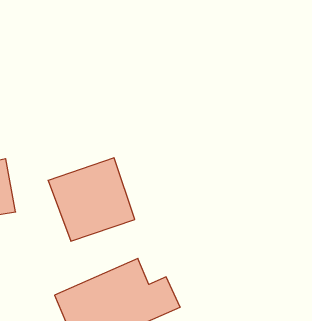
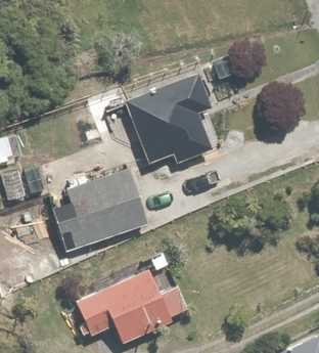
building: none -> [123,73,213,166]

